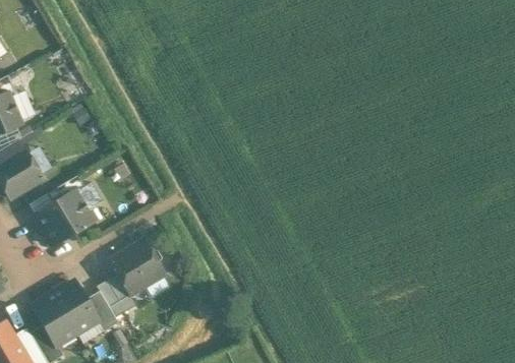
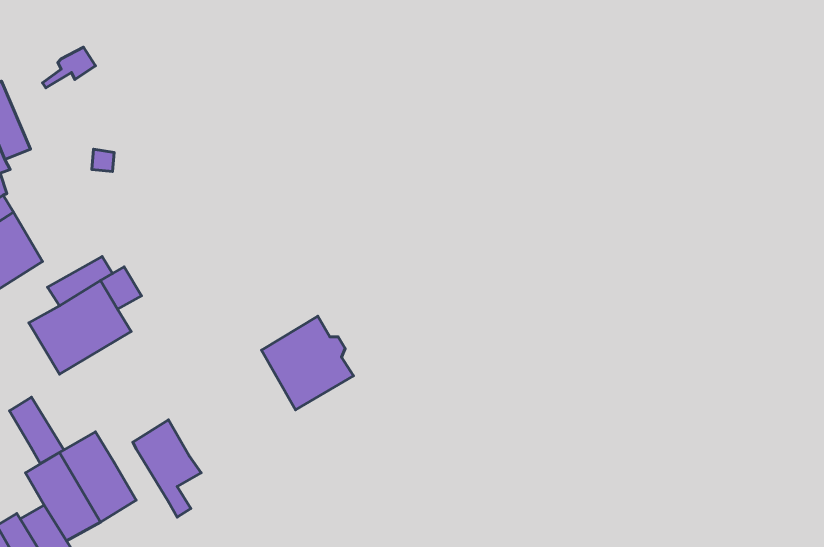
building: [111,237,166,293] -> [262,316,354,410]
building: [87,289,119,328] -> [9,397,64,463]

